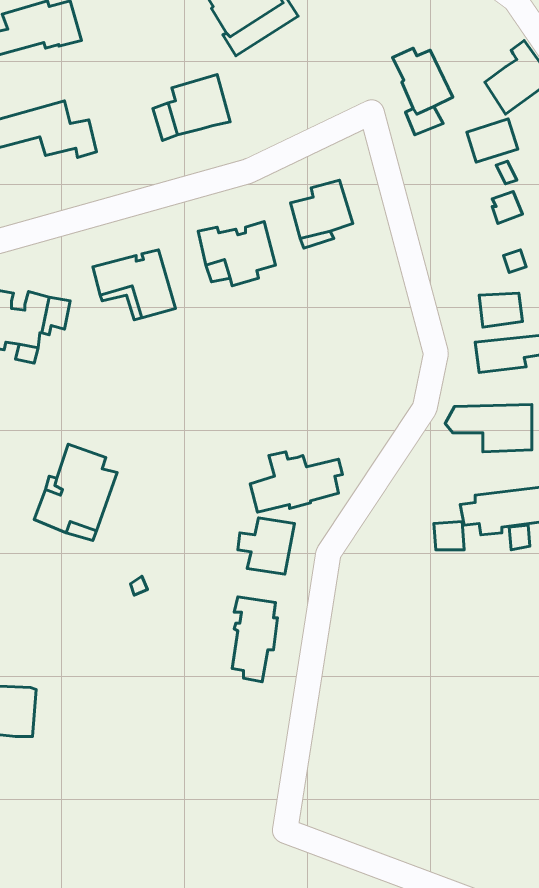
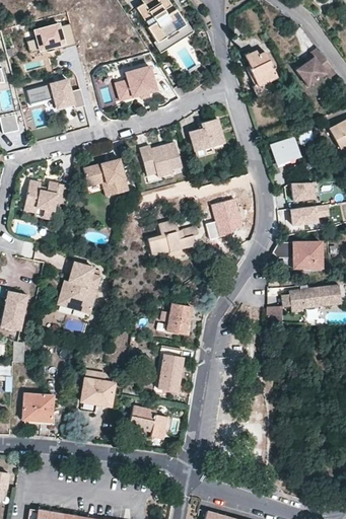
building: [467,119,518,162] -> [272,139,299,162]
building: none -> [207,200,243,239]
building: [250,452,342,512] -> [148,222,198,254]
building: none -> [81,370,115,405]
building: none -> [129,405,166,438]

